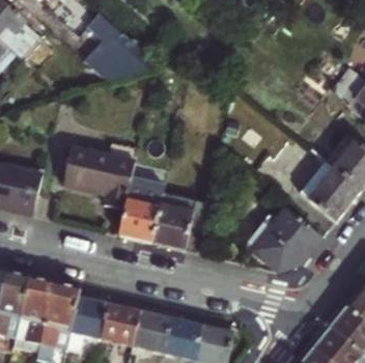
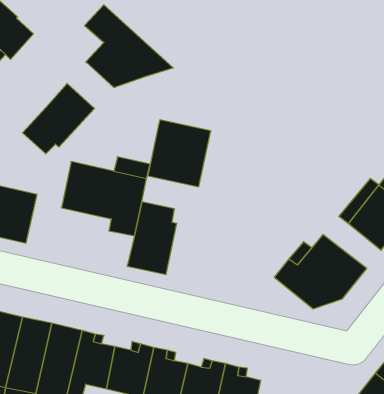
building: none -> [23,83,95,154]
building: [151,194,205,251] -> [148,120,211,187]

